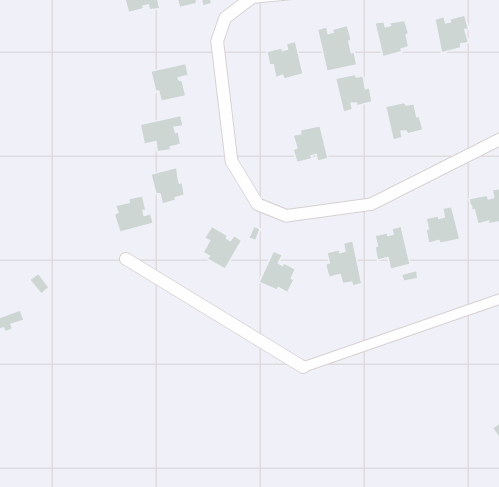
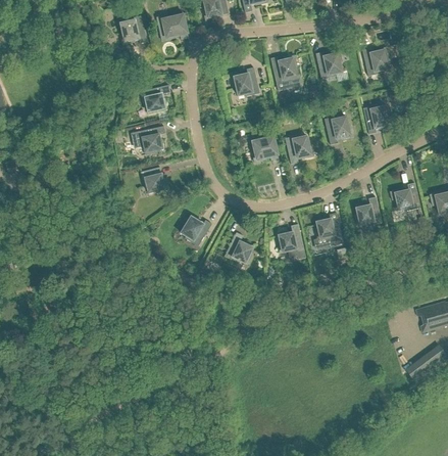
building: [336,74,372,112] -> [285,135,313,165]
building: none -> [362,105,392,134]
building: [114,196,153,232] -> none

